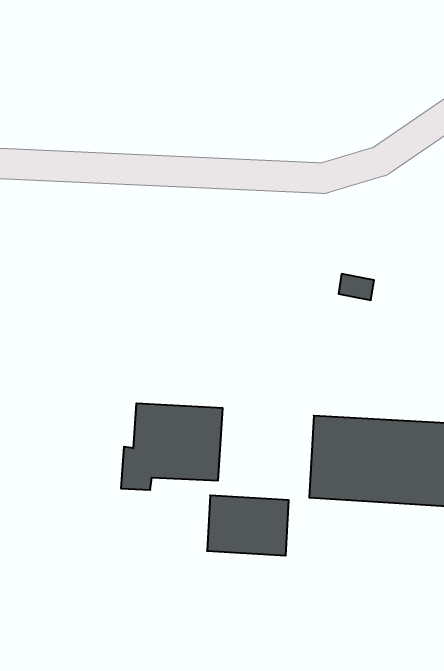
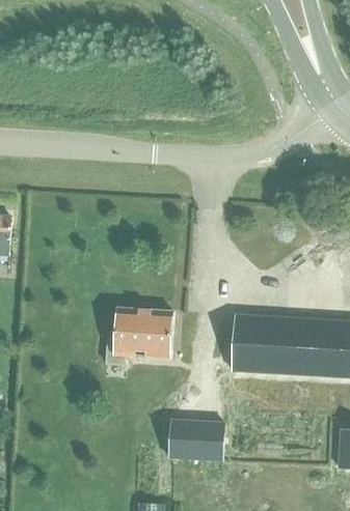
building: [207,495,289,556] -> [169,420,224,460]

